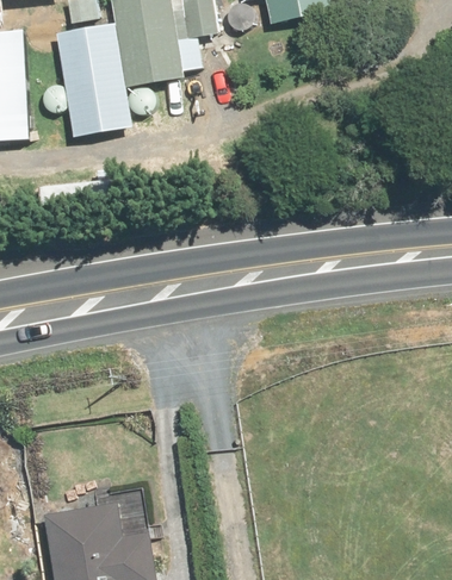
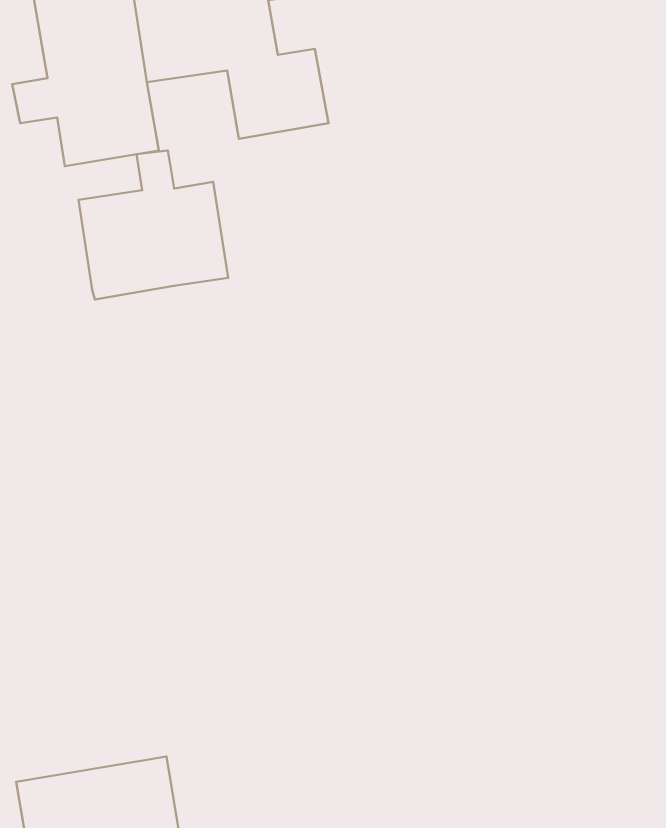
building: none -> [78,151,228,299]

